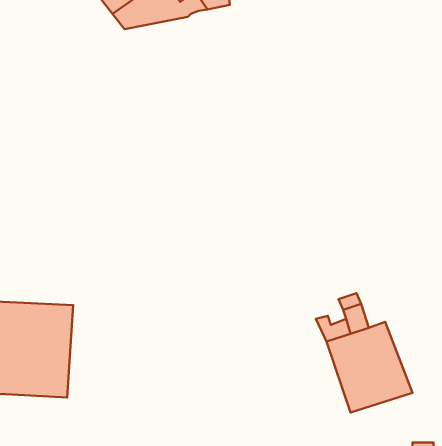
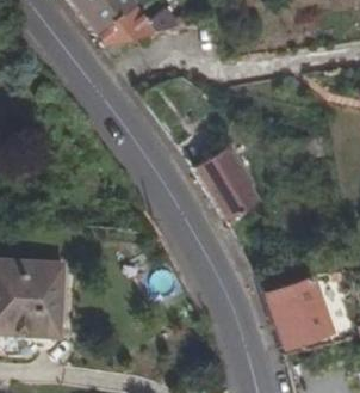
building: none -> [195,147,262,221]

